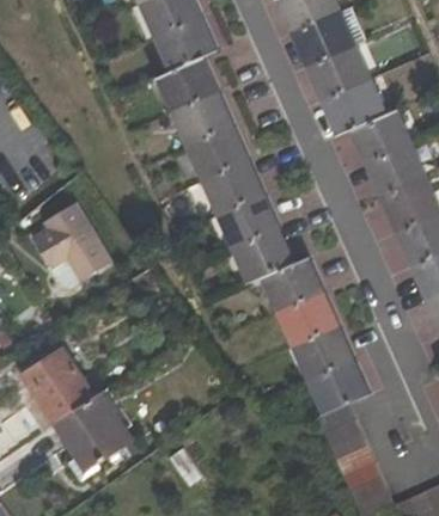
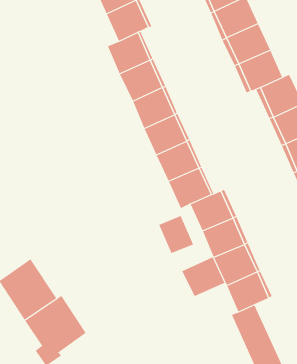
building: [31,203,110,282] -> none
building: none -> [158,215,194,254]
building: none -> [181,256,225,297]

